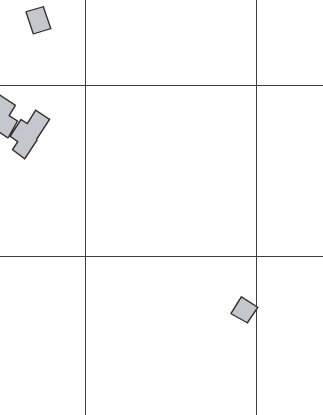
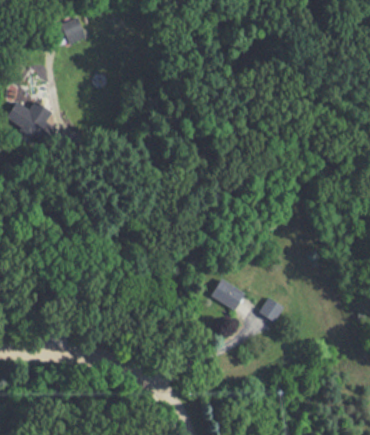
building: [10,110,50,159] -> none
building: none -> [210,280,244,310]

